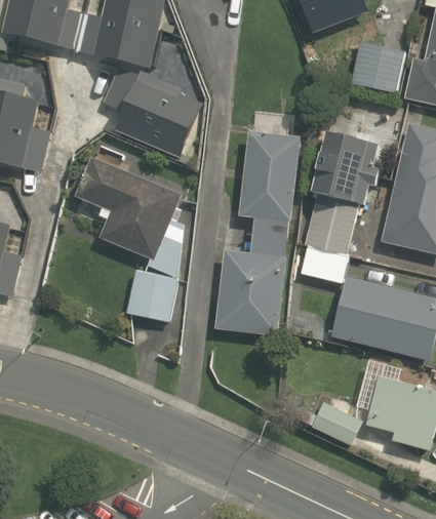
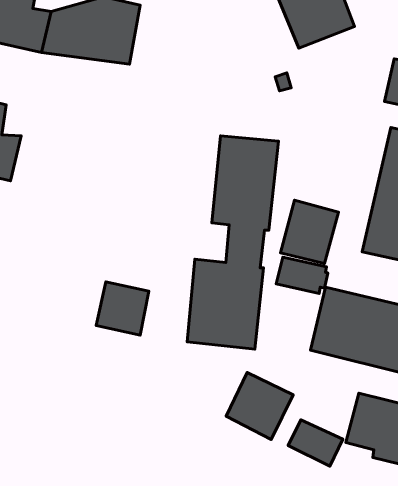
building: [349,41,404,92] -> none
building: [110,72,212,159] -> none
building: [309,130,380,204] -> none
building: [75,156,184,276] -> none
building: none -> [226,372,293,440]

